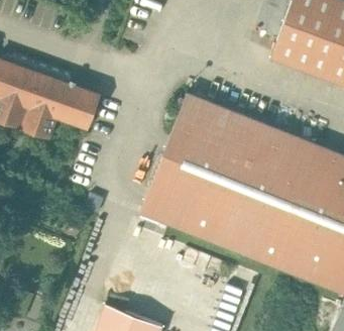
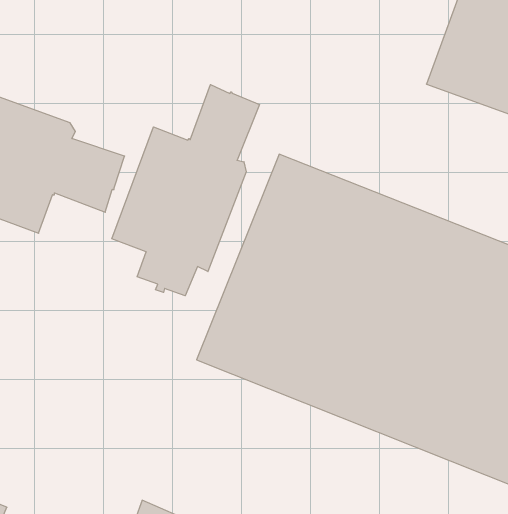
building: none -> [112,85,260,296]

